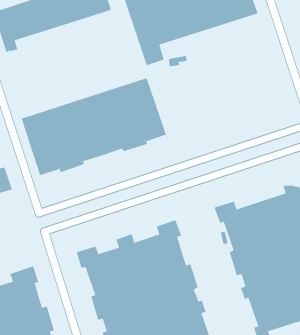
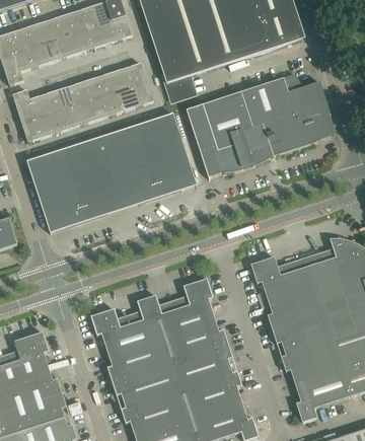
building: none -> [12,63,153,142]
building: none -> [188,74,330,178]

